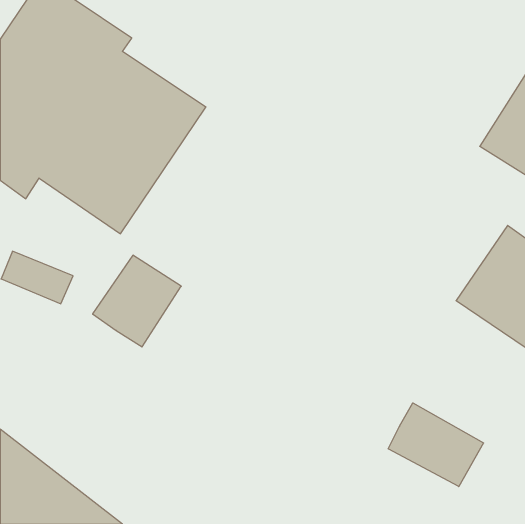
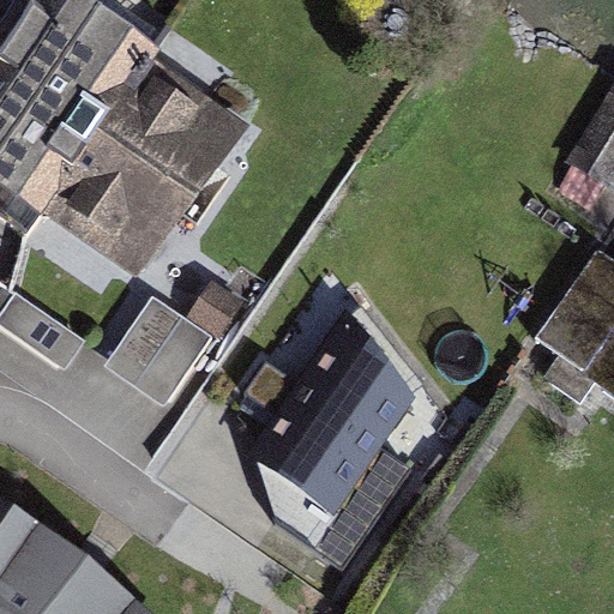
building: none -> [260,311,415,565]
building: [388,403,484,487] -> none

